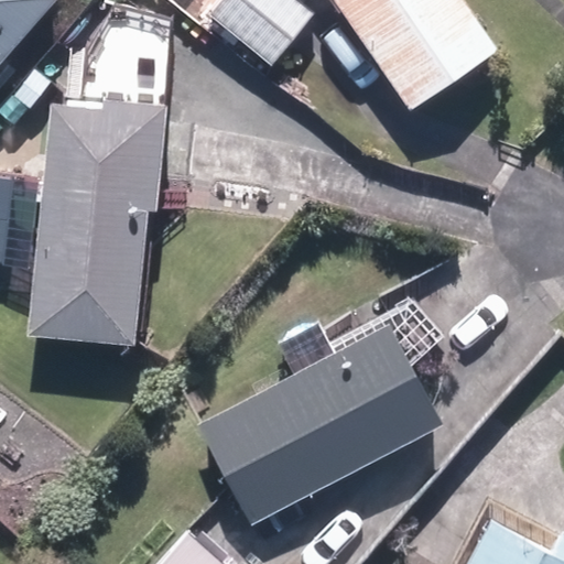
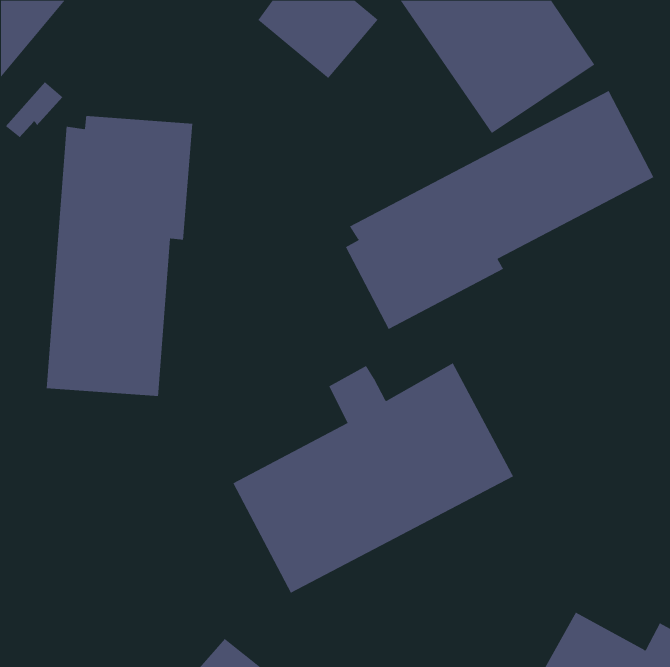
building: none -> [345,90,654,330]

